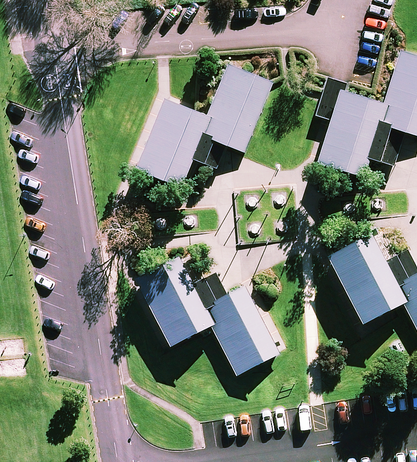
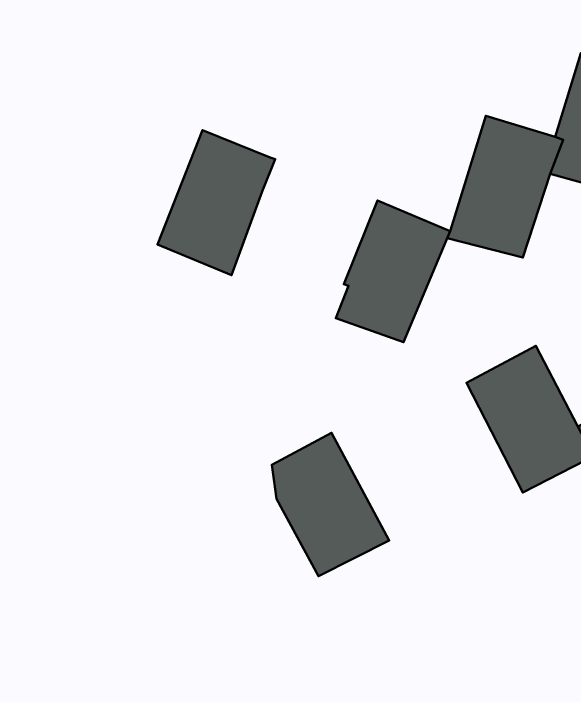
building: [202,63,273,151] -> [336,201,450,342]
building: [137,254,211,344] -> none

